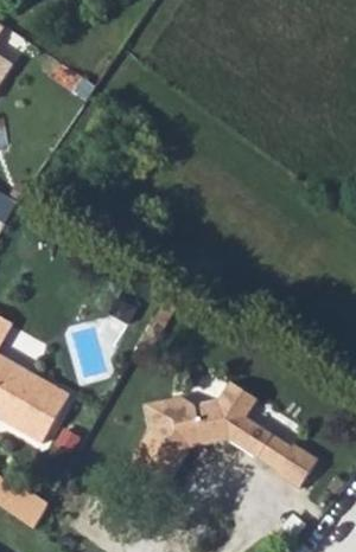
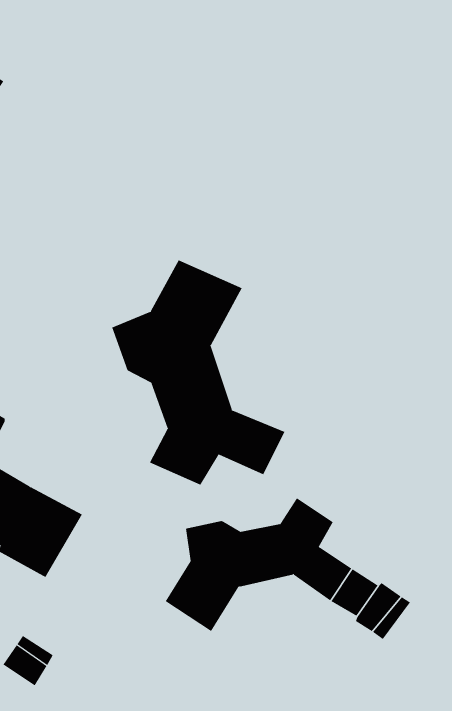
building: none -> [112,260,285,486]

